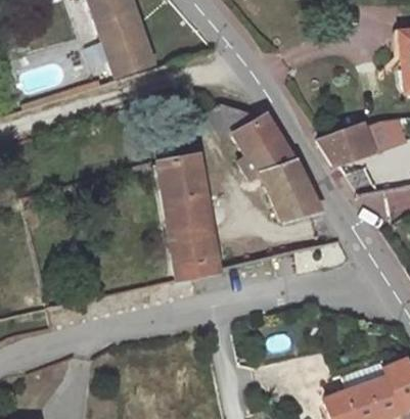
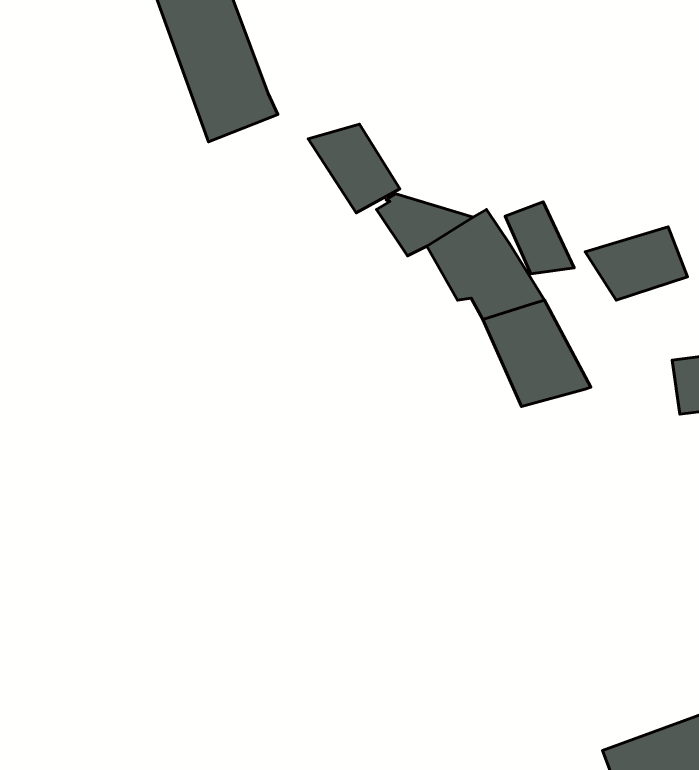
building: none -> [308,124,400,213]
building: none -> [505,202,574,274]
building: [155,151,220,278] -> none

